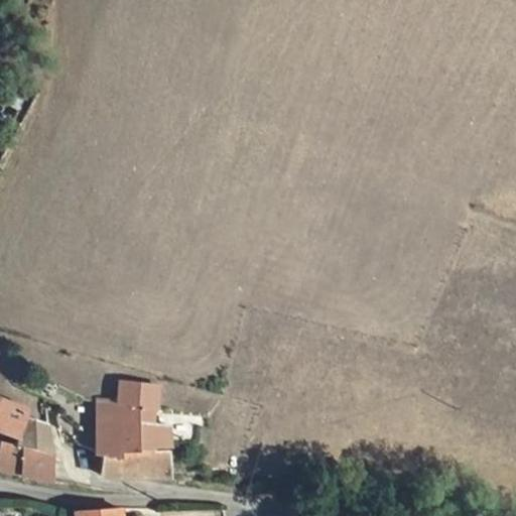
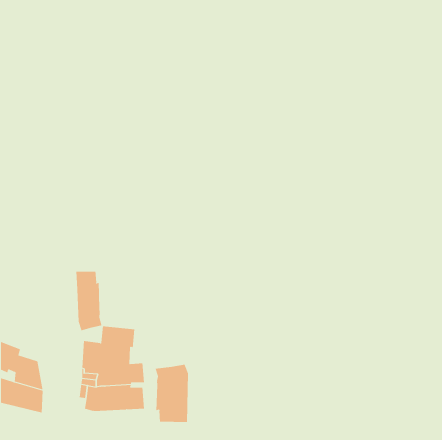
building: none -> [76,271,102,331]
building: none -> [155,364,189,423]

